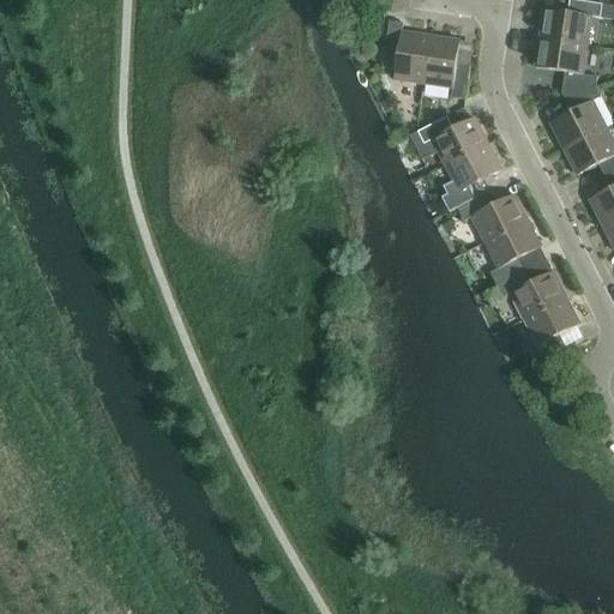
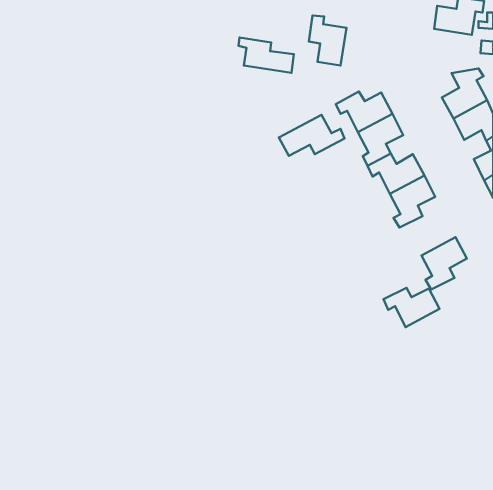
building: [423,35,470,97] -> none
building: [535,36,597,91] -> none
building: none -> [238,37,294,73]
building: none -> [279,115,344,156]
building: [496,269,566,318] -> [383,288,439,327]

